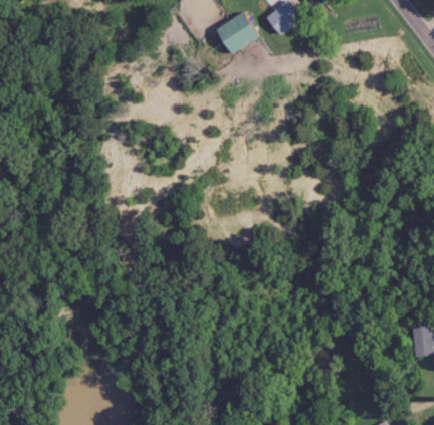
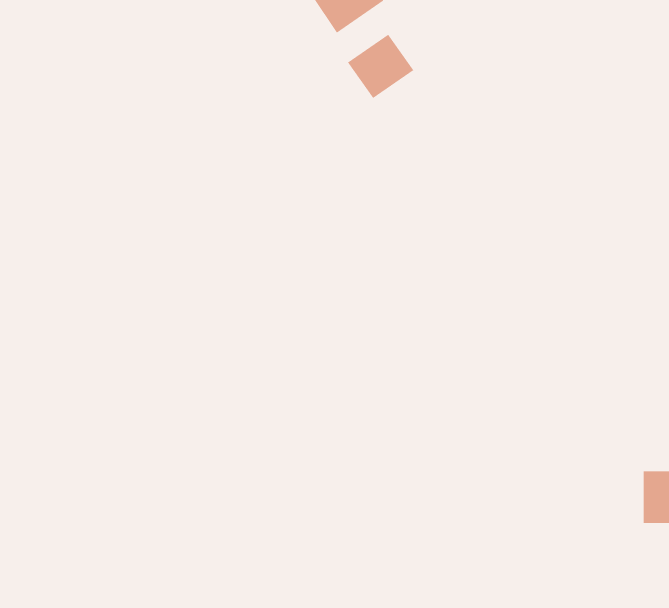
building: none -> [347,34,414,99]

